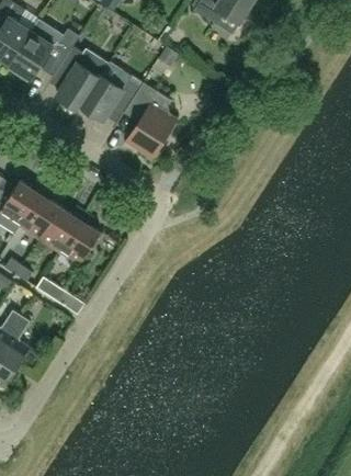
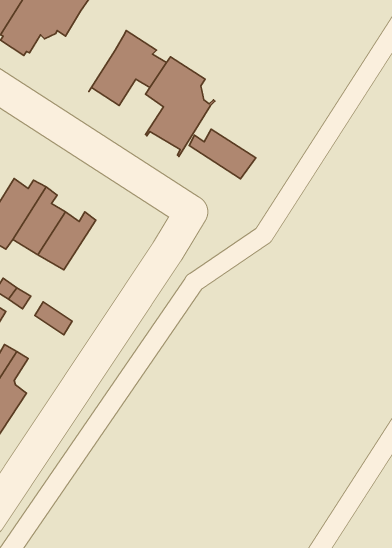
building: [56,46,107,110] -> none
building: none -> [189,129,256,179]
building: [59,212,101,264] -> none

